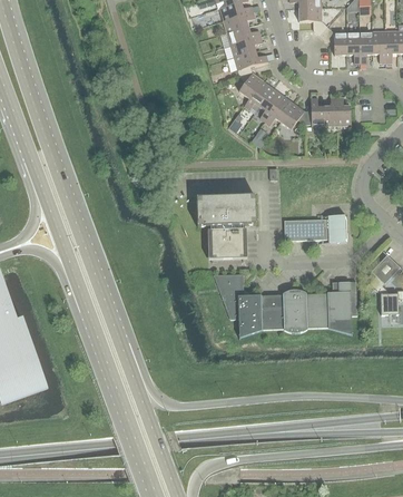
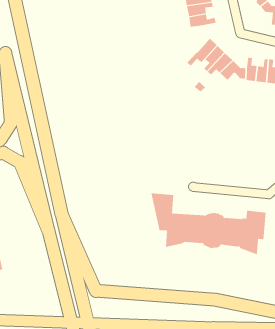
building: [237,66,263,98] -> none
building: [196,193,256,261] -> none
building: [284,214,347,242] -> none

